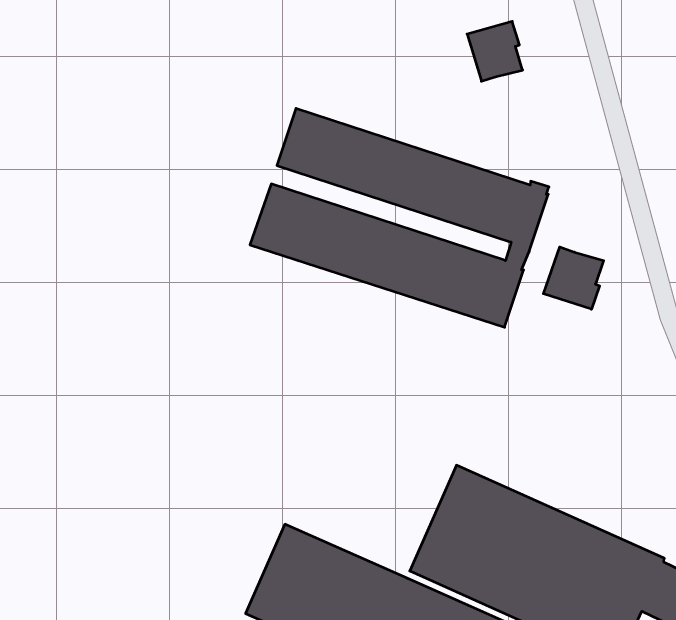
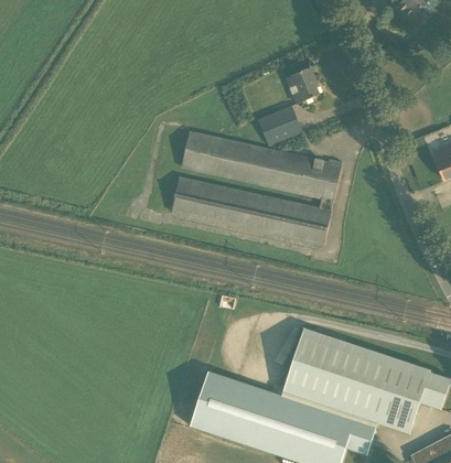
building: none -> [258,103,302,144]
building: [543,247,604,309] -> none

